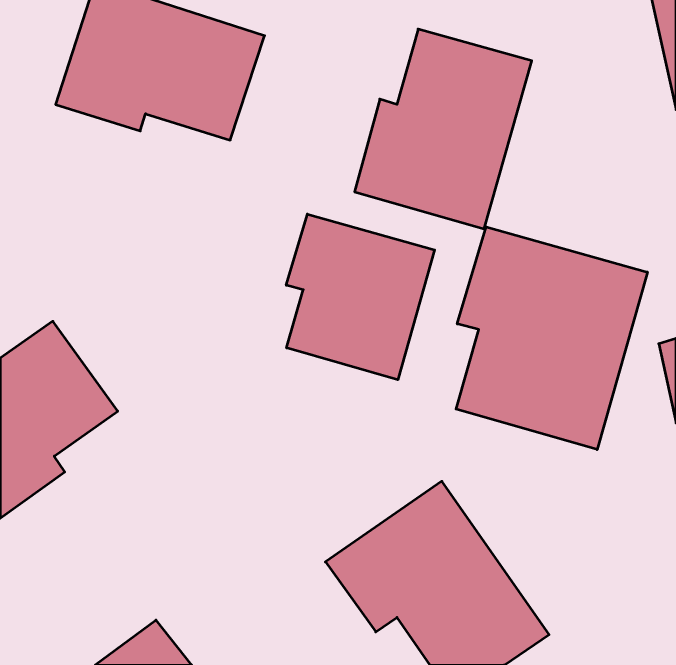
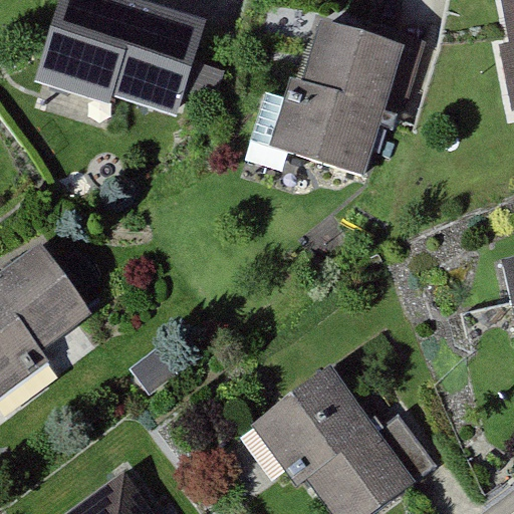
building: [286,214,435,380] -> none
building: [456,227,647,450] -> none

